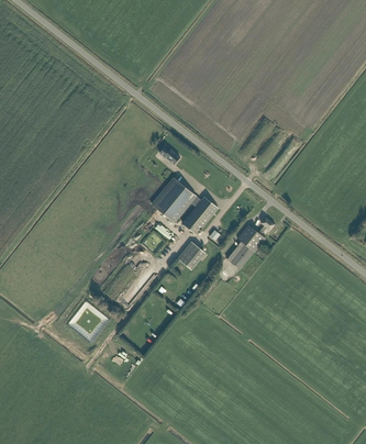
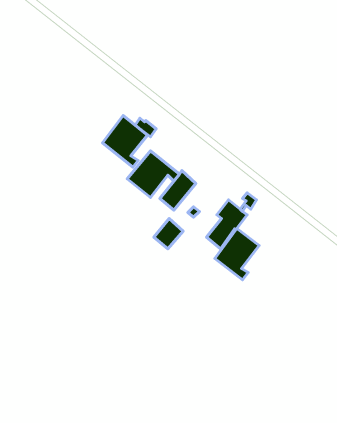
building: none -> [102,116,148,167]
building: none -> [215,228,259,280]

